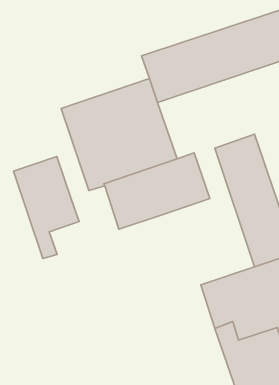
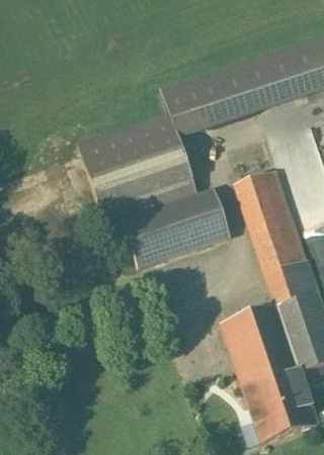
building: [14,157,79,258] -> none

